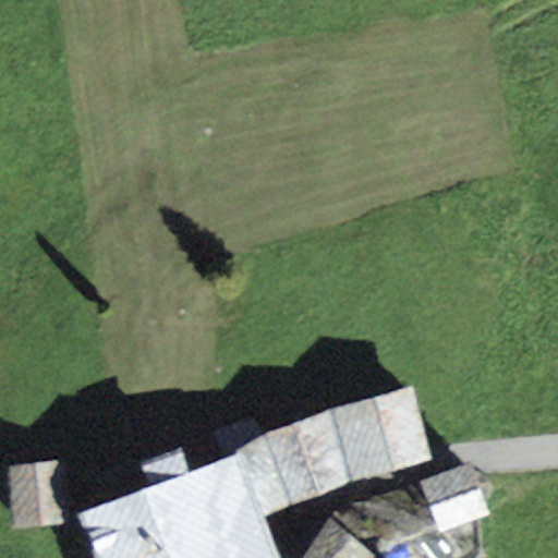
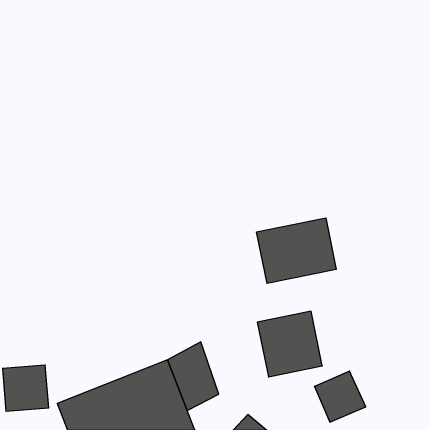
building: none -> [257,218,336,283]
building: [266,411,352,502] -> none

